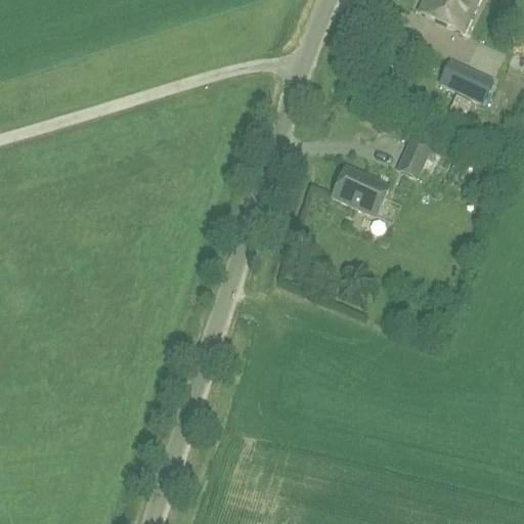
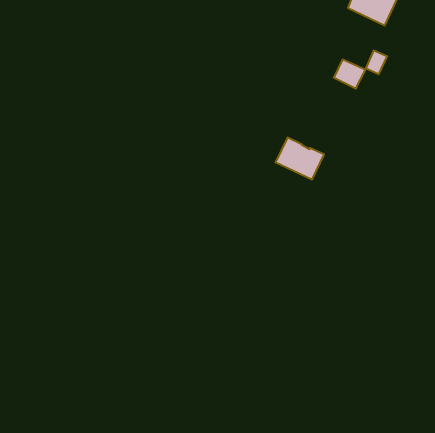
building: [455,68,493,102] -> [334,60,365,89]
building: [401,140,429,177] -> none

